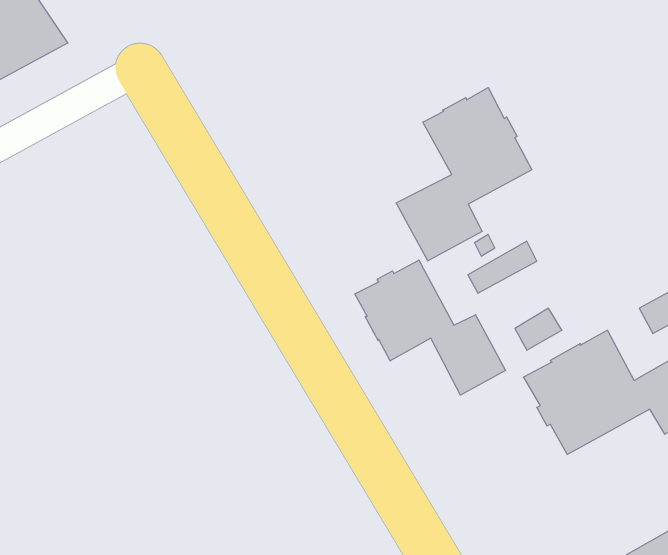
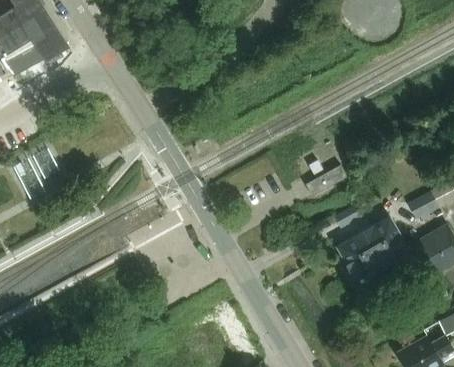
building: [396,88,532,261] -> none
building: [355,260,506,395] -> none

